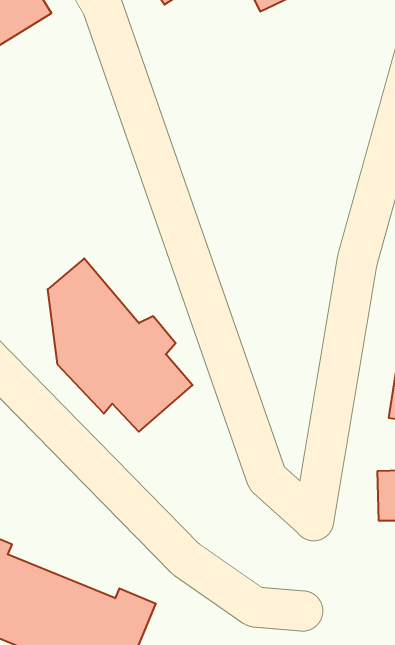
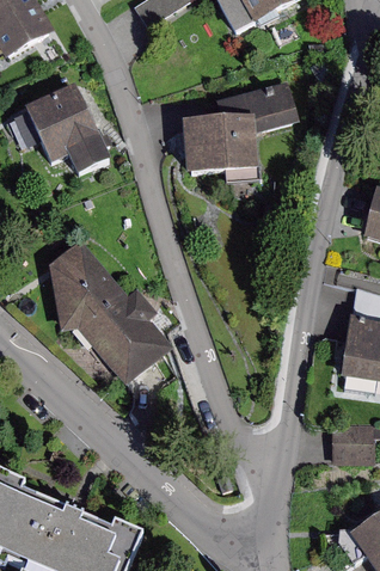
building: none -> [183,73,300,167]
building: none -> [24,86,109,172]

